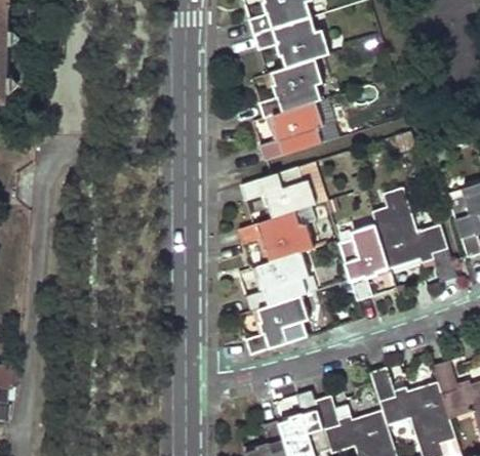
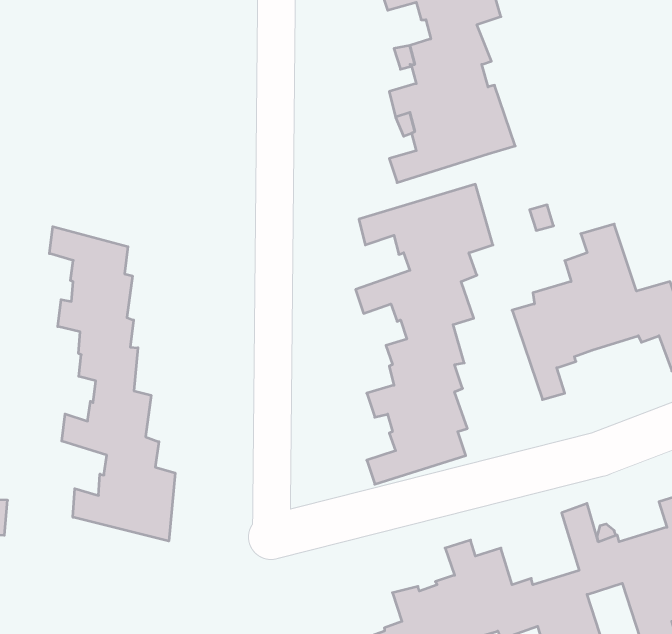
building: none -> [49,227,175,541]

